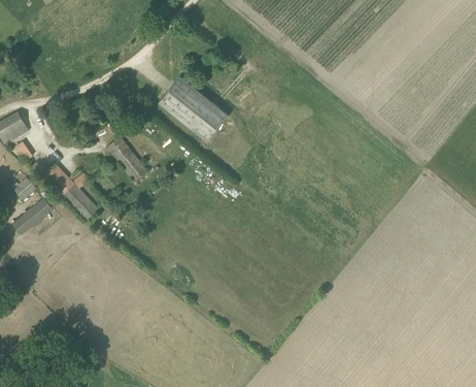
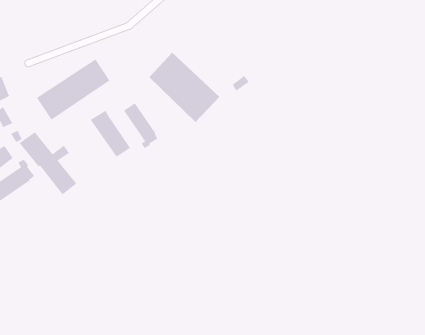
building: none -> [36,59,110,121]
building: none -> [123,103,158,149]

